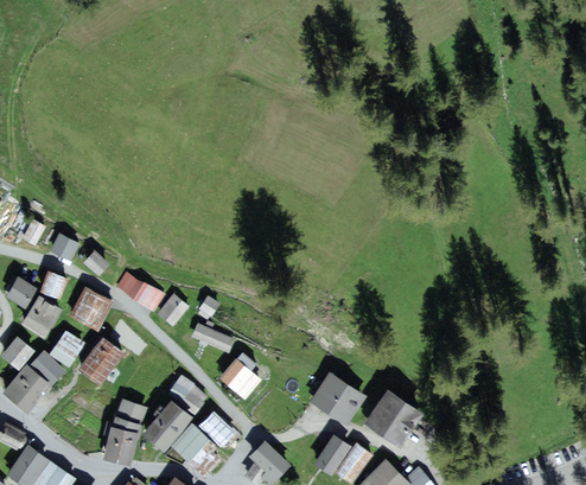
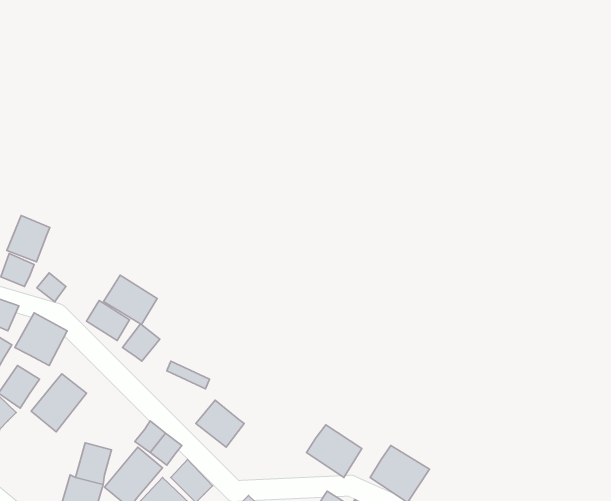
building: none -> [7,216,50,262]
building: none -> [103,275,157,325]

